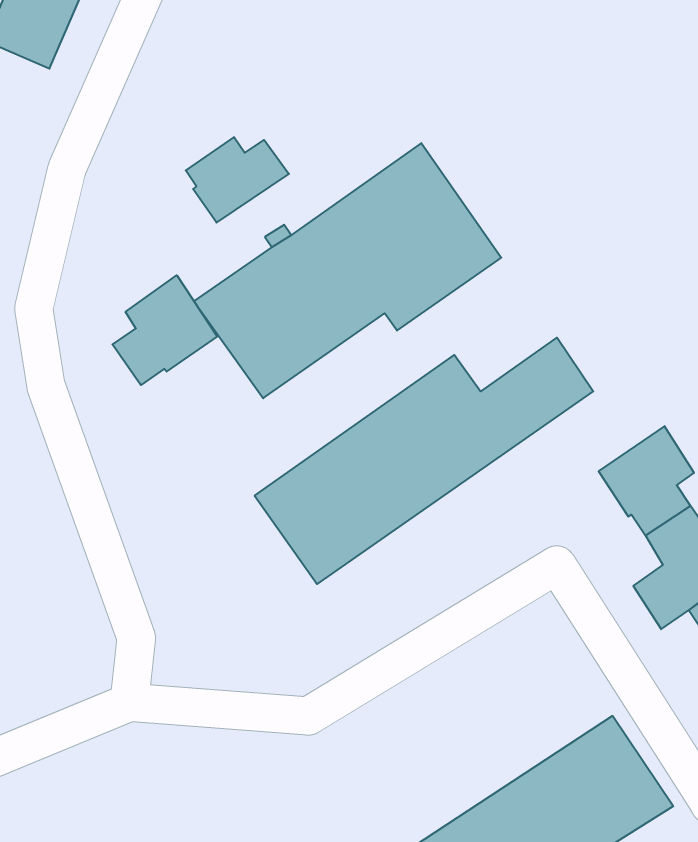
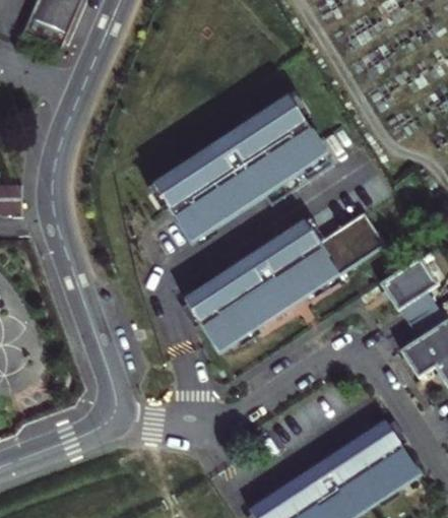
building: [186,137,289,223] -> none
building: [112,275,217,385] -> none

